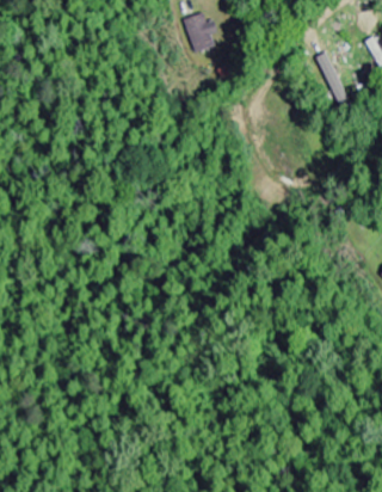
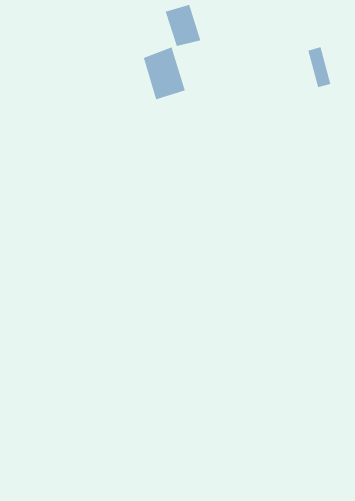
building: none -> [143,47,186,100]

